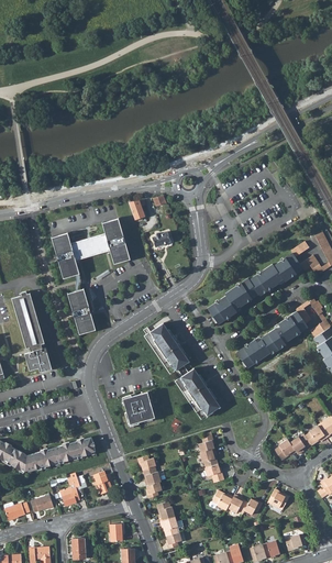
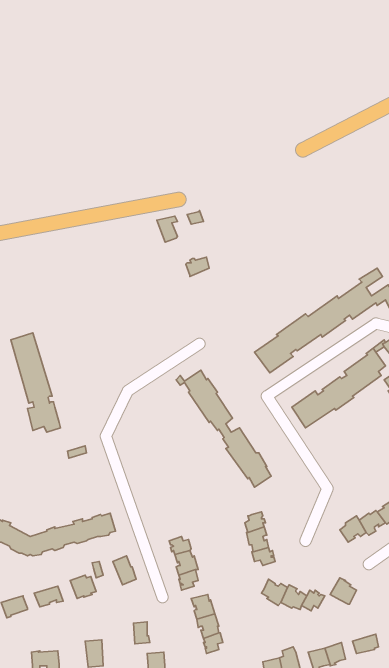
building: [52,219,130,278] -> none
building: [67,288,96,334] -> none
building: [123,391,154,426] -> none

